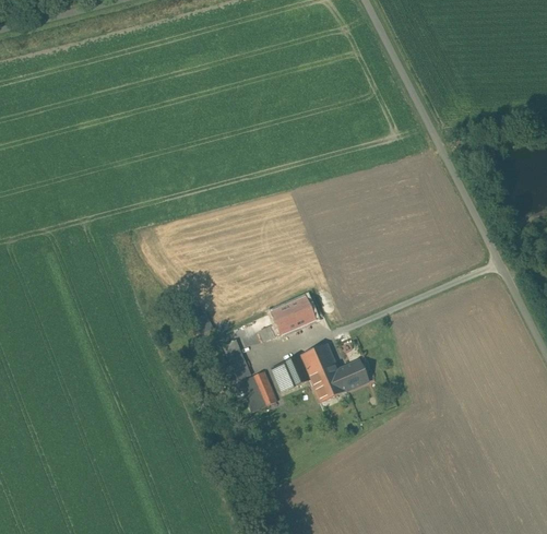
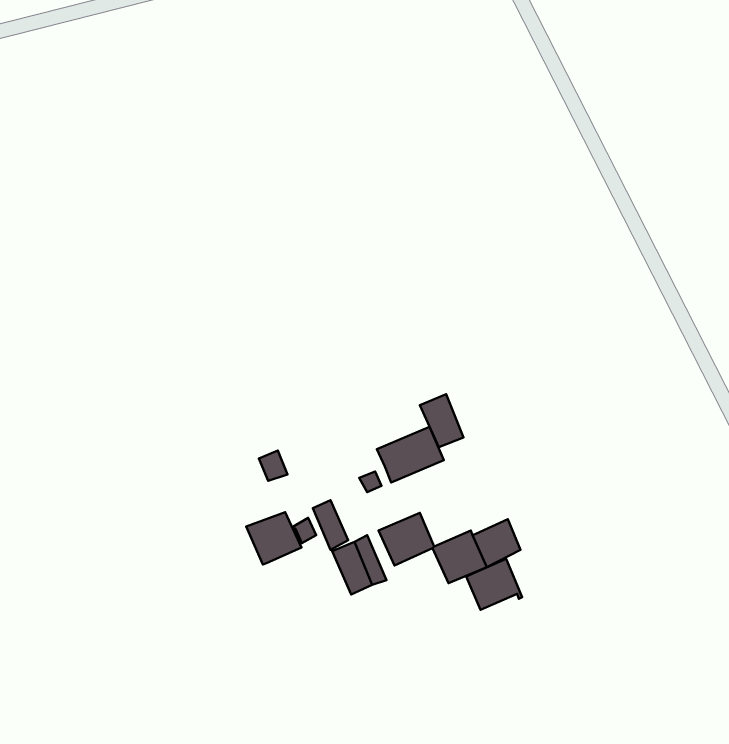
building: none -> [420,394,464,447]
building: [300,343,338,378] -> [466,559,522,610]
building: none -> [246,512,302,564]

